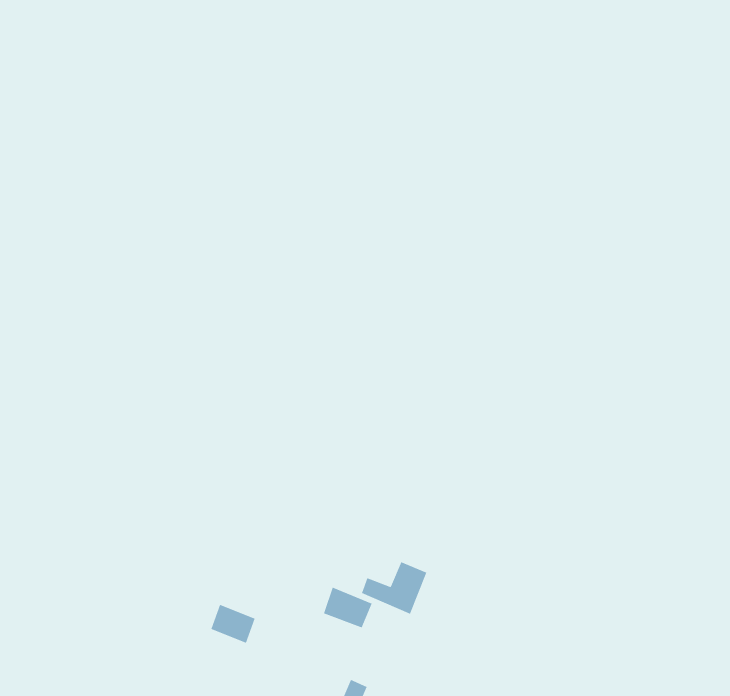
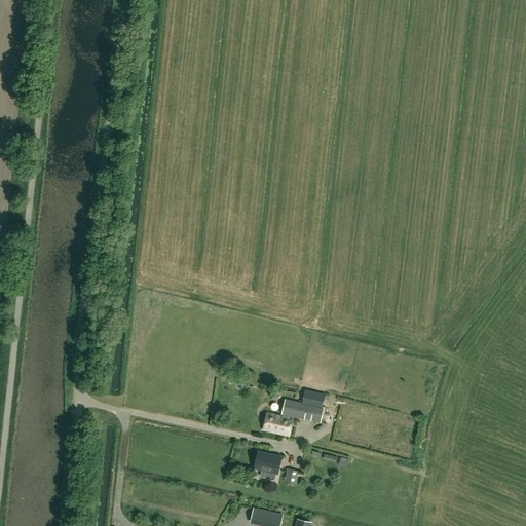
building: [211,604,255,643] -> [253,452,279,474]

